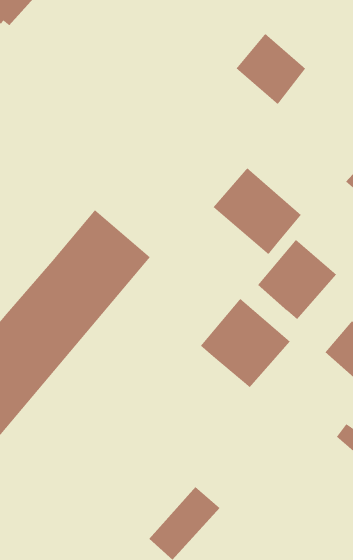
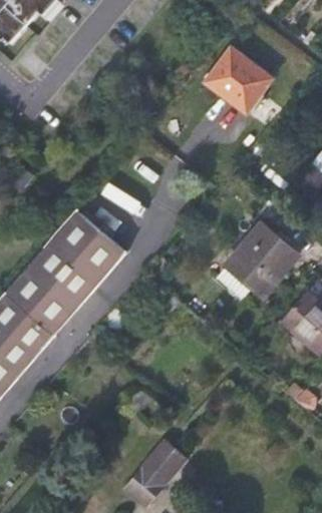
building: [212,167,302,255] -> none
building: [200,298,291,388] -> none

